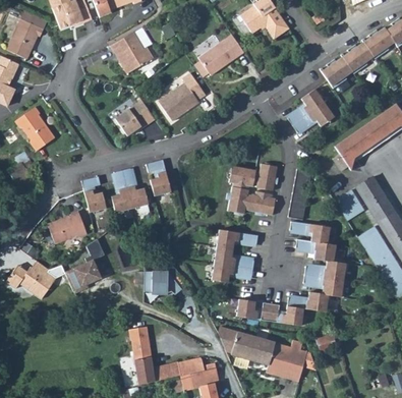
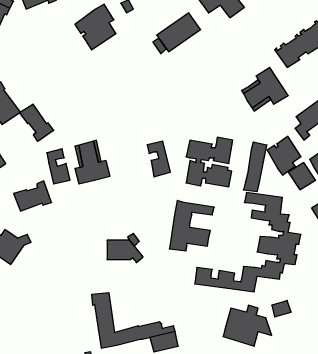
building: [157,73,205,121] -> none
building: [114,104,149,135] -> none
building: none -> [20,104,54,141]
building: [147,159,171,196] -> [147,141,170,177]
building: none -> [267,136,301,175]
building: [64,238,104,292] -> none
building: [218,326,274,364] -> none

